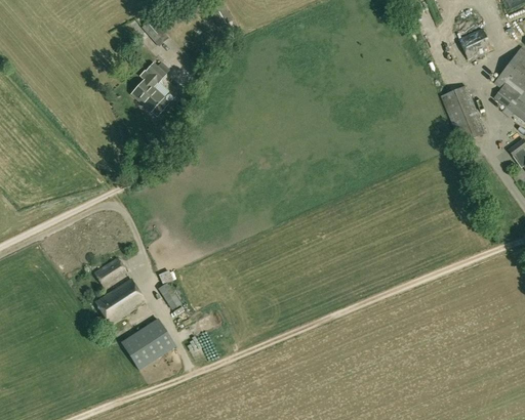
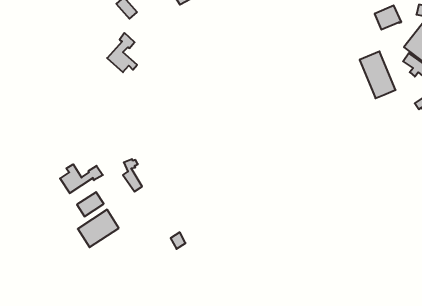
building: none -> [60,164,103,193]
building: [158,269,181,309] -> [123,159,142,192]
building: [121,319,175,369] -> none

